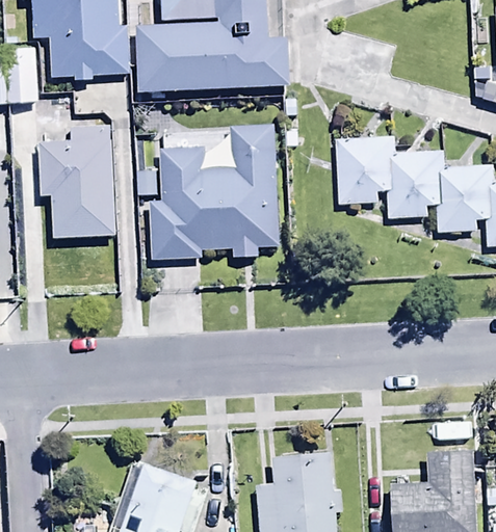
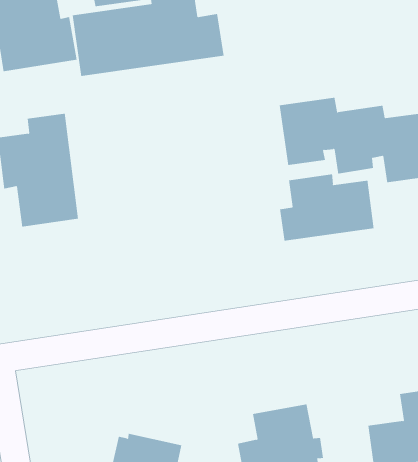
building: [152,125,282,260] -> none
building: none -> [280,173,374,242]

